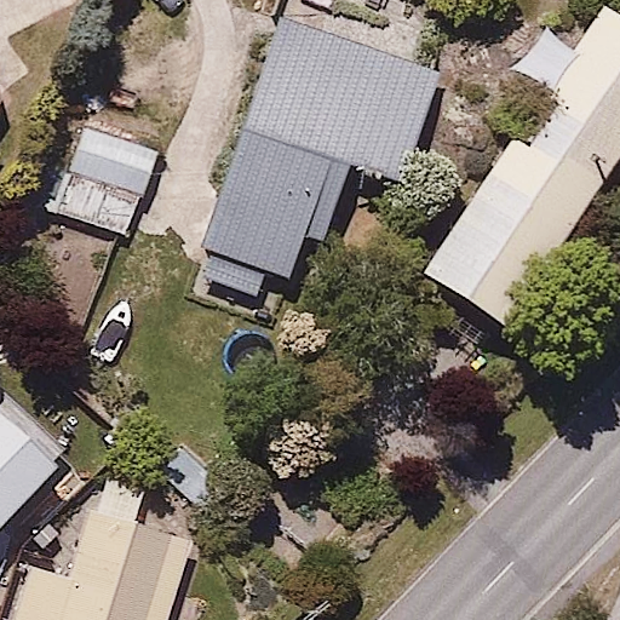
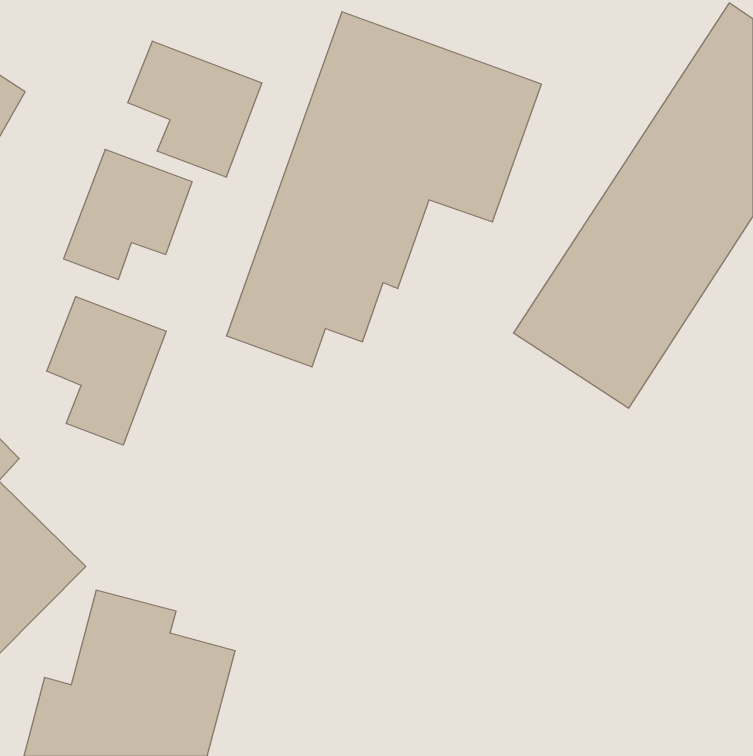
building: none -> [128,41,262,177]
building: none -> [47,296,166,445]

